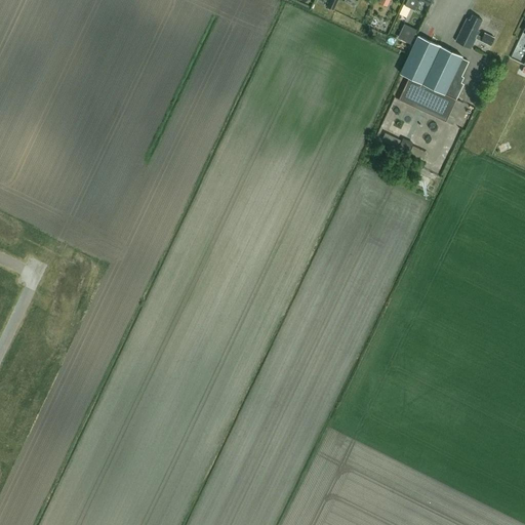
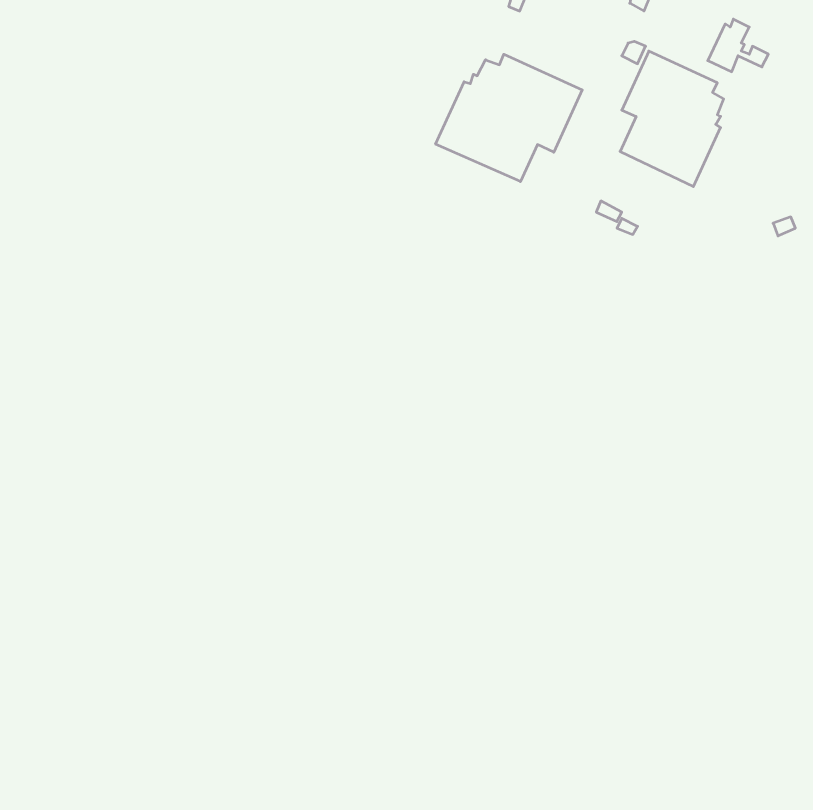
building: none -> [436,54,582,182]

